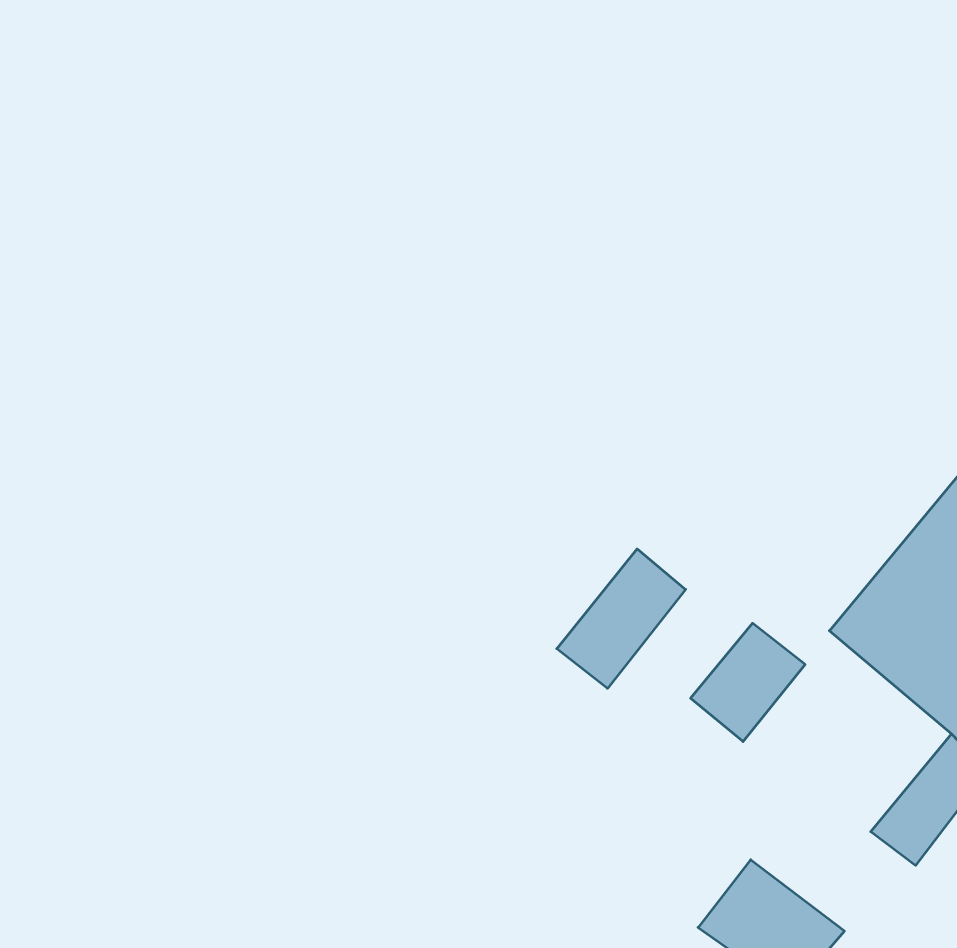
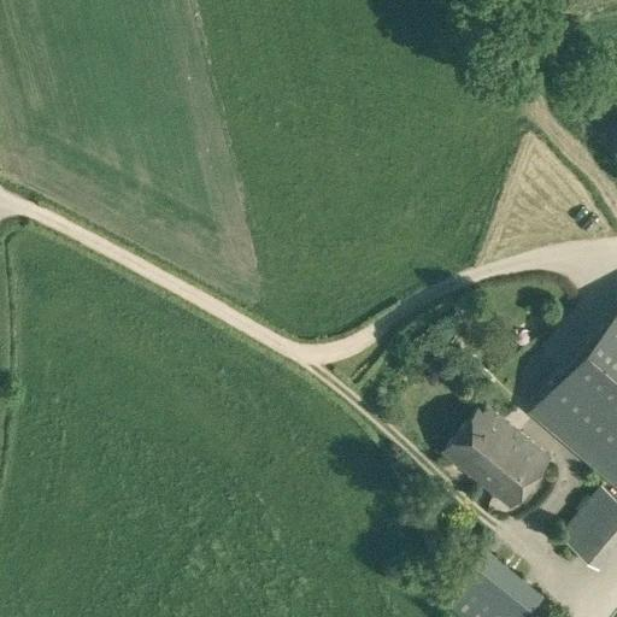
building: [557,549,686,688] -> none
building: none -> [478,434,551,510]

